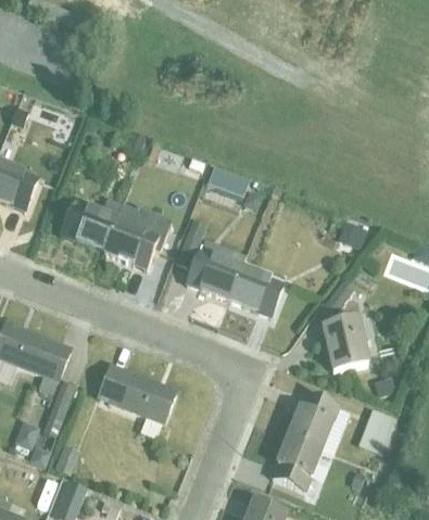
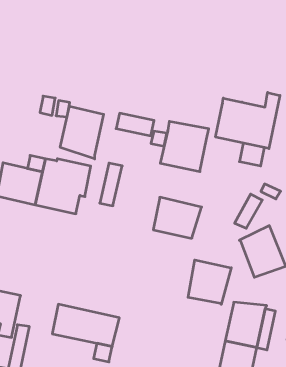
building: none -> [60,106,104,159]
building: none -> [216,92,280,149]
building: [187,239,247,300] -> [160,121,209,172]
building: none -> [188,260,231,304]

